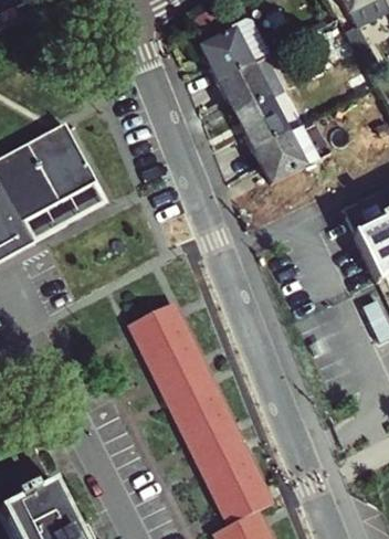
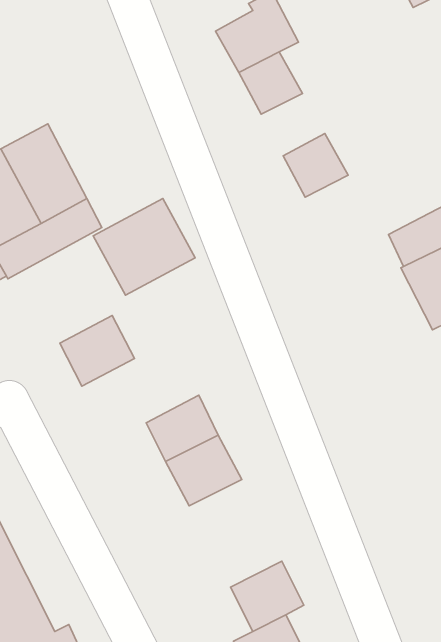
building: [238,97,288,147] -> none
building: none -> [93,198,195,295]
building: [128,304,188,360] -> [60,316,134,386]
building: [180,405,254,492] -> none

